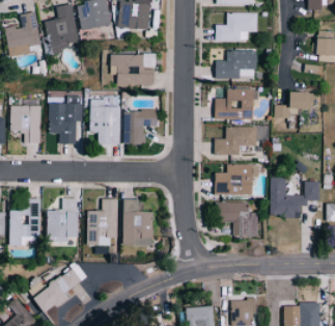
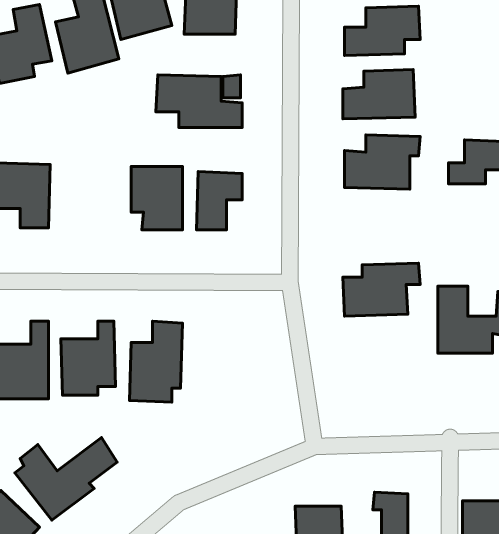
building: [48,103,85,144] -> none
building: [214,127,256,156] -> none
building: [122,199,155,246] -> none
building: [216,202,257,237] -> none

